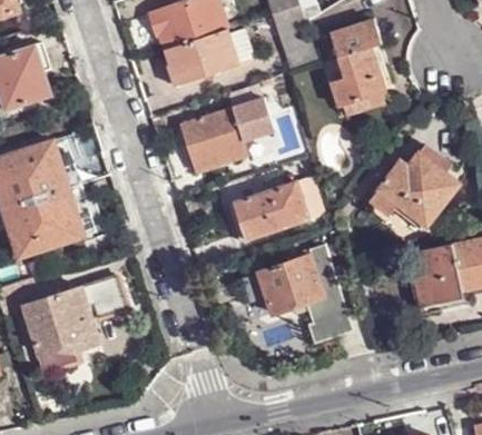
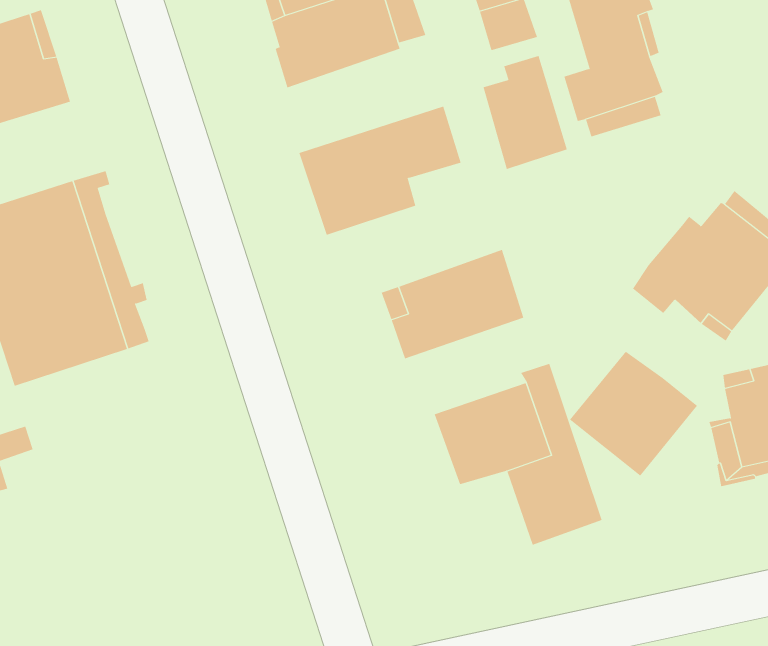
building: none -> [483,55,567,170]
building: none -> [569,351,698,476]
building: [24,276,126,370] -> none

